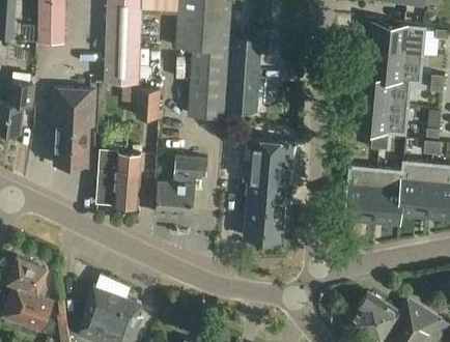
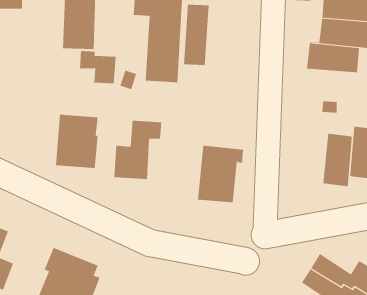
building: [52,88,96,166] -> none
building: [354,103,409,135] -> none
building: [244,140,294,186] -> none
building: [345,167,377,221] -> none

